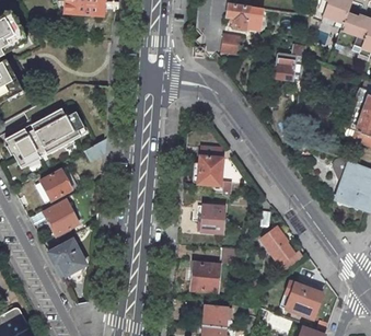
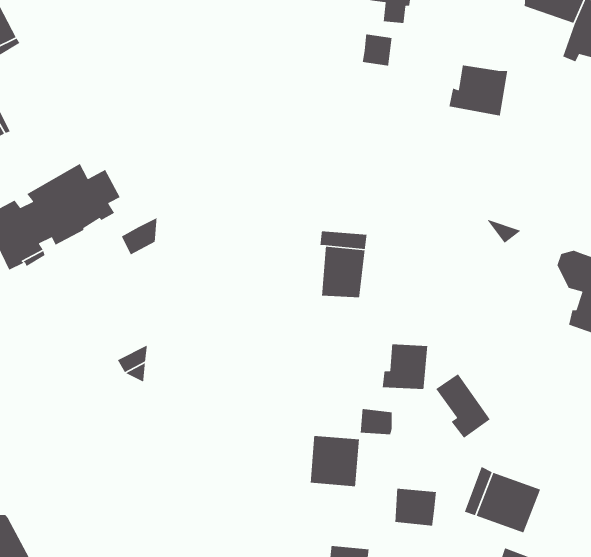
building: [35,170,71,201] -> none
building: [45,200,79,235] -> none
building: [198,206,224,232] -> [382,343,428,390]
building: [48,240,85,276] -> none
building: [204,305,228,327] -> [394,488,437,526]

